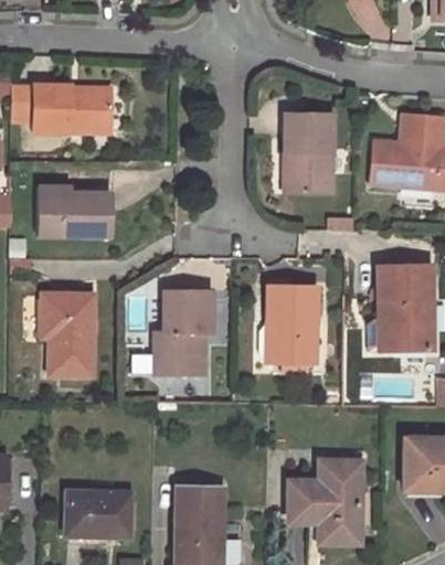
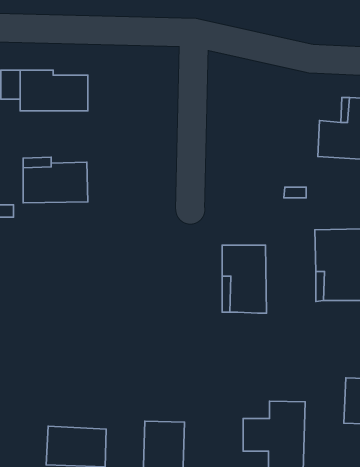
building: [277,115,326,192] -> none
building: [41,292,93,377] -> none
building: [153,292,211,377] -> none

